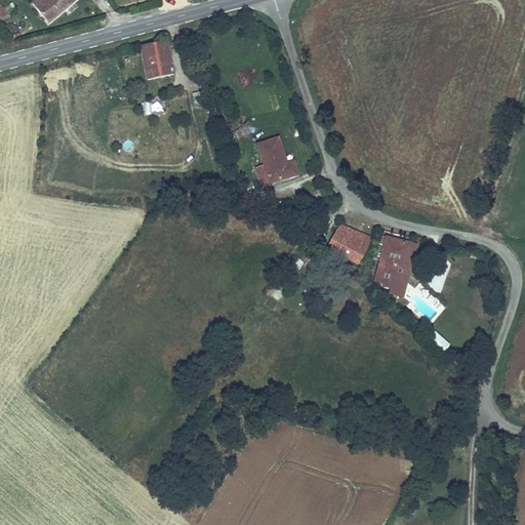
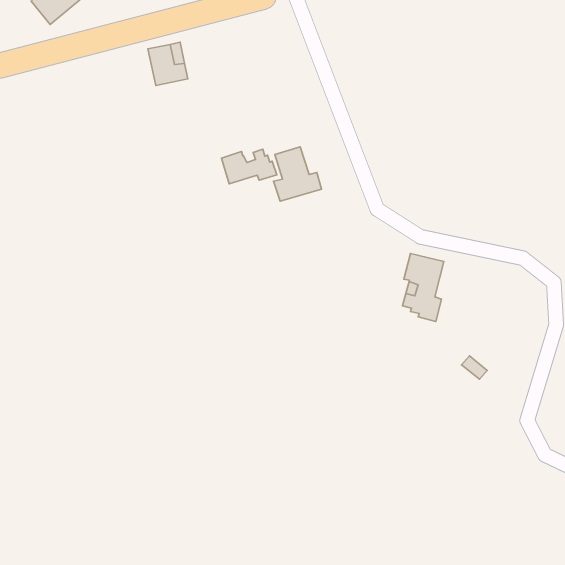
building: none -> [222,149,277,184]
building: [326,223,375,267] -> none

